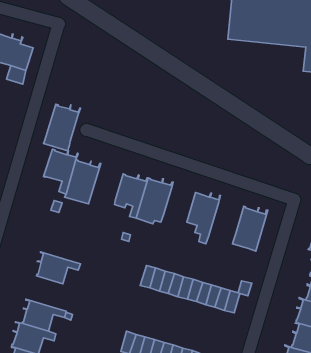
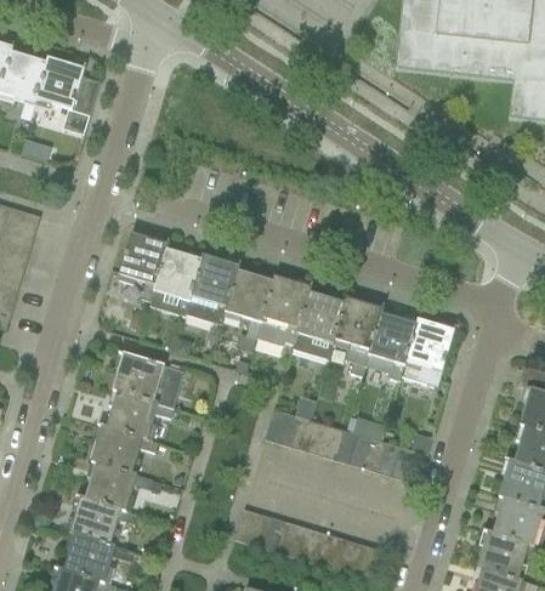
building: [44,104,81,151] -> [184,254,240,324]
building: none -> [293,291,346,358]
building: none -> [365,312,419,380]
building: none -> [112,350,183,405]
building: none -> [90,421,157,471]

